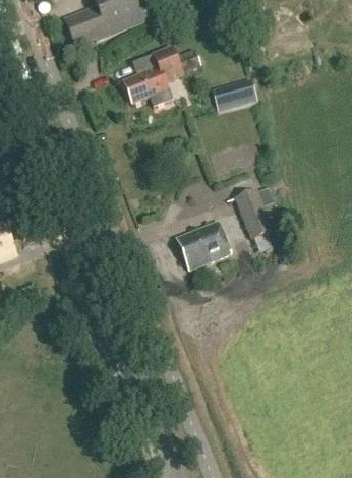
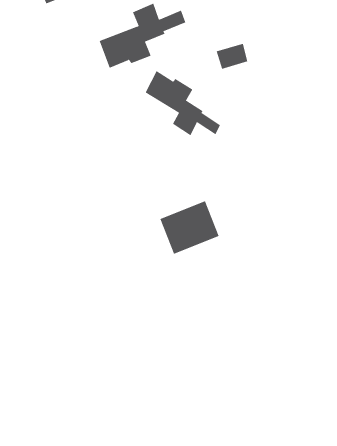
building: none -> [145,70,221,136]
building: [233,187,273,240] -> none

